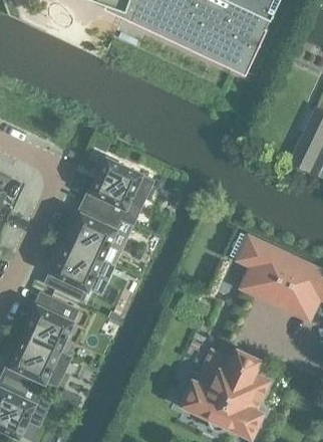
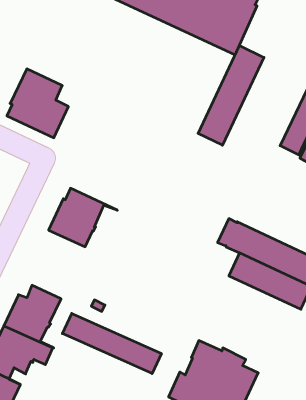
building: none -> [198,46,264,145]
building: [88,158,147,224] -> [7,69,68,138]
building: [53,243,102,300] -> none
building: none -> [62,313,161,374]

